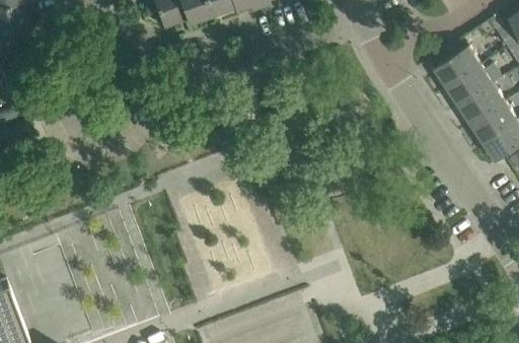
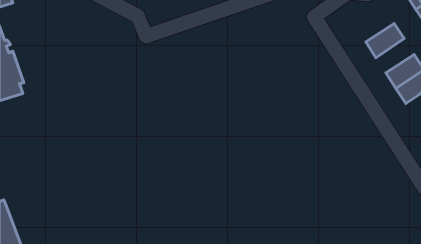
building: [434,46,480,86] -> none
building: [458,82,505,124] -> none

